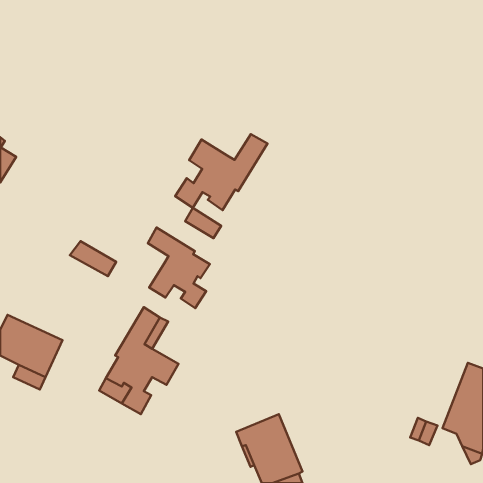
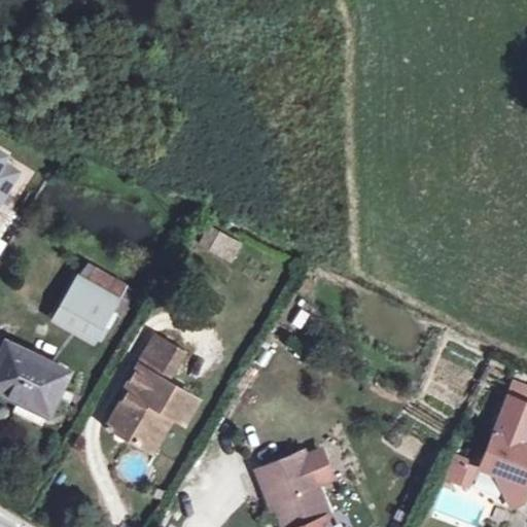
building: [175,134,267,210] -> none
building: [148,228,210,308] -> none
building: none -> [55,278,117,339]

